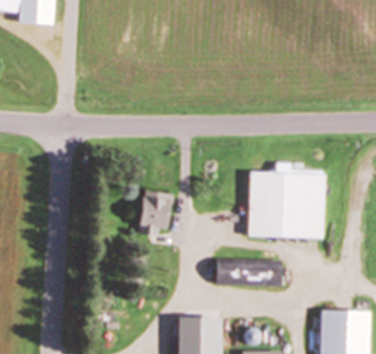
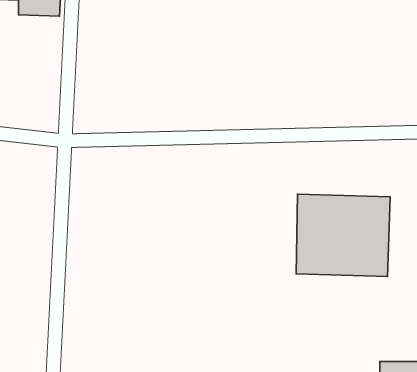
building: [137,190,173,233] -> none
building: [217,259,276,285] -> none

